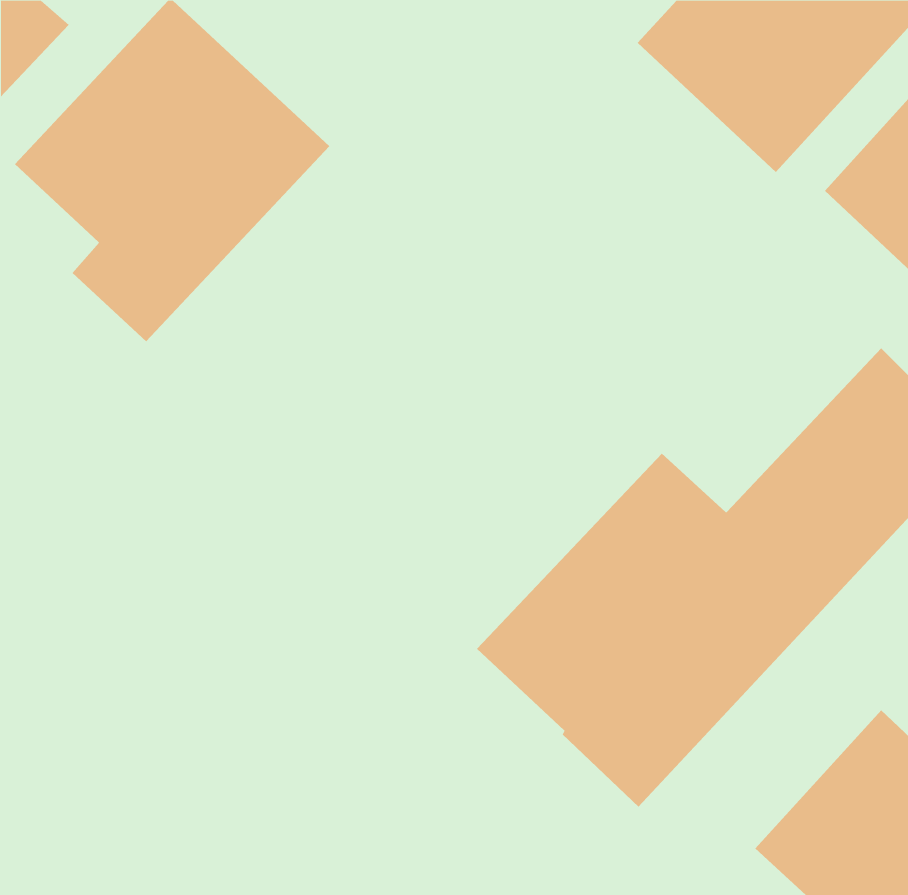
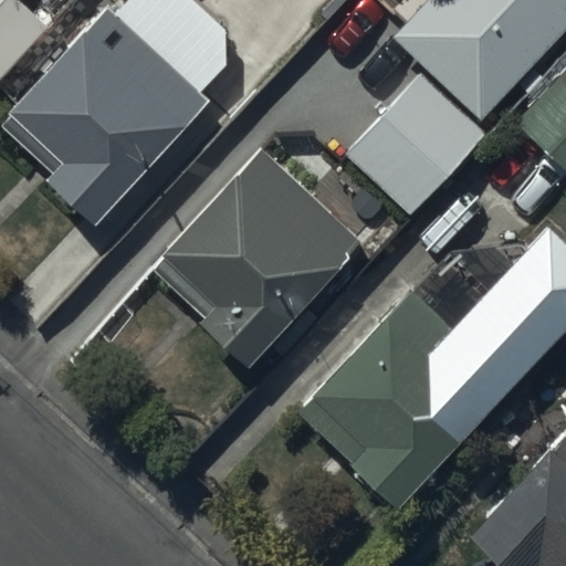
building: none -> [346,75,488,217]
building: none -> [155,147,365,366]

